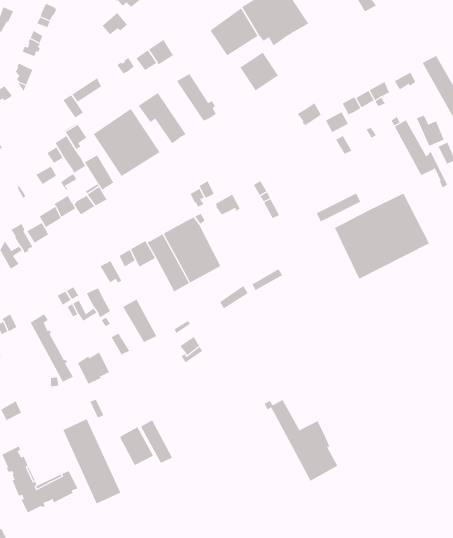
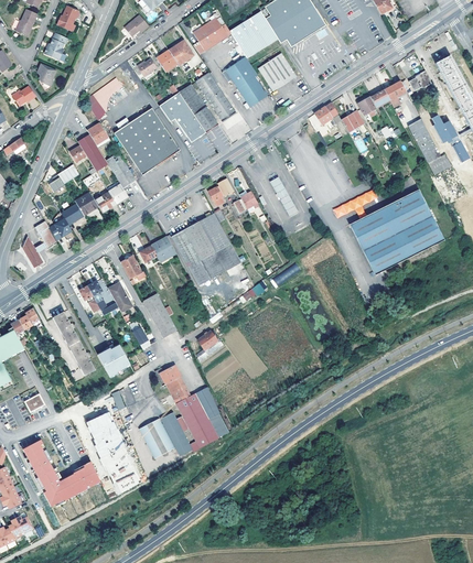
building: none -> [192,18,228,54]
building: none -> [221,57,266,108]
building: none -> [178,84,217,133]
building: [264,399,338,481] -> [154,367,227,447]

